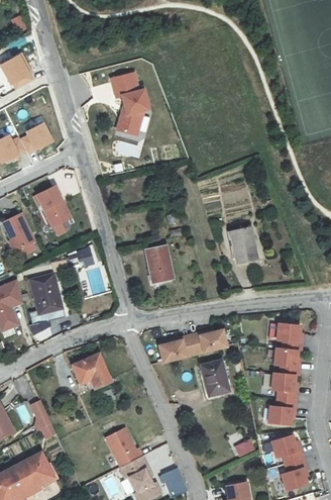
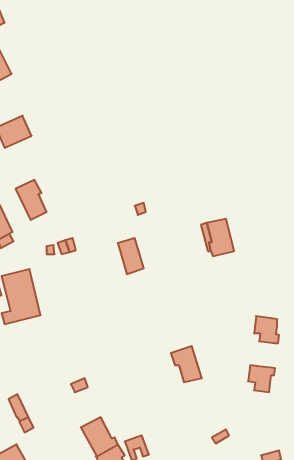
building: [111,70,150,136] -> none
building: [157,325,225,358] -> none
building: [275,349,301,377] -> none
building: [70,354,108,389] -> none
building: [269,399,297,425] -> none
building: [272,436,304,465] -> none

